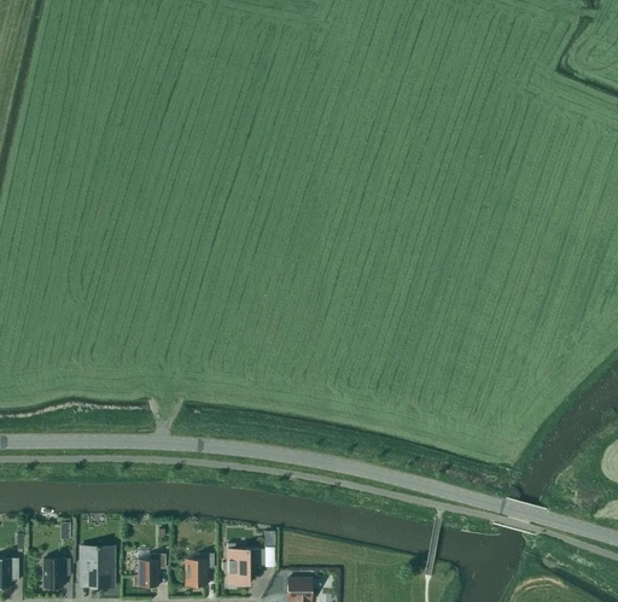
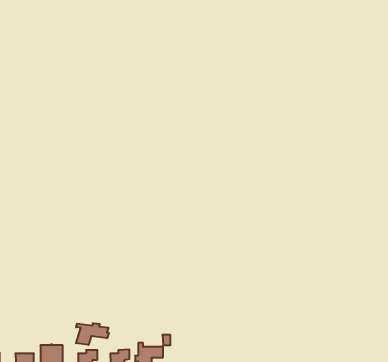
building: none -> [76,323,109,345]

